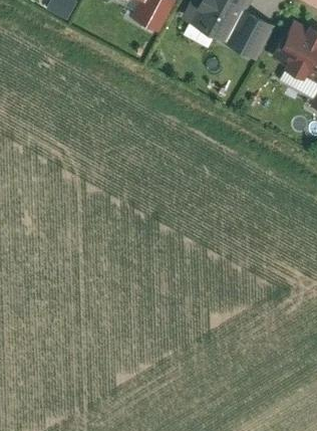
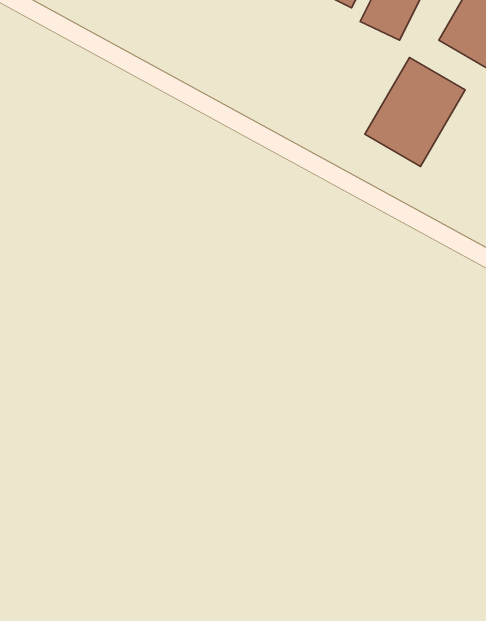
building: none -> [365,57,465,166]

